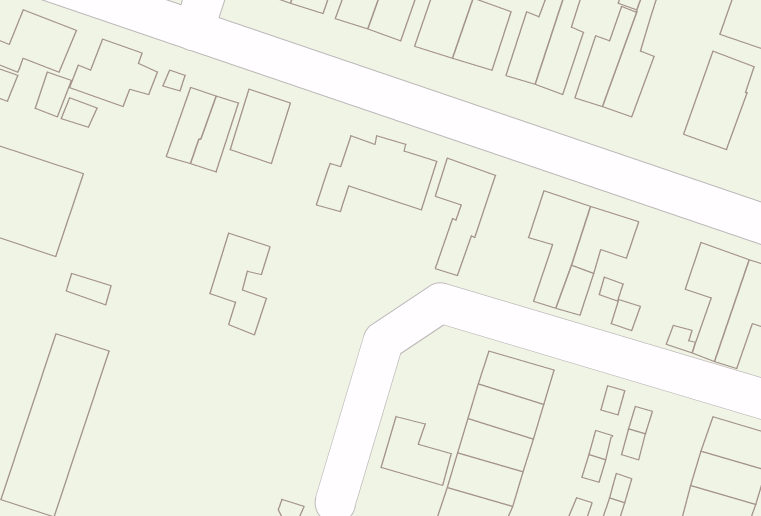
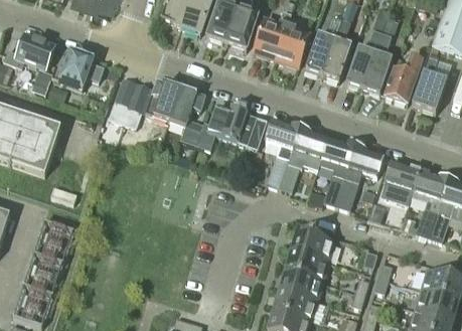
building: none -> [383,55,423,104]
building: none -> [281,129,328,189]
building: none -> [379,159,420,205]
building: [210,233,270,335] -> [169,87,204,146]
building: [381,416,451,485] -> none

